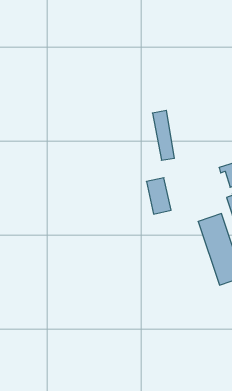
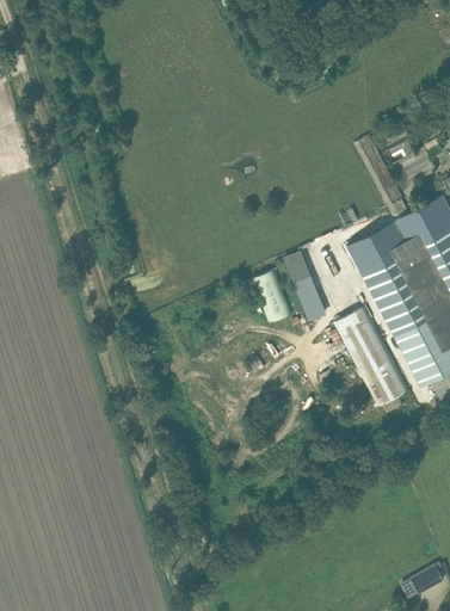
building: [152,110,174,160] -> [284,249,326,321]

